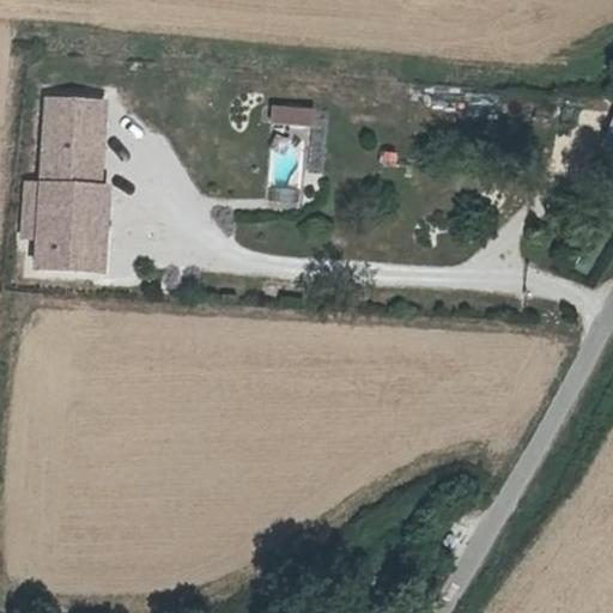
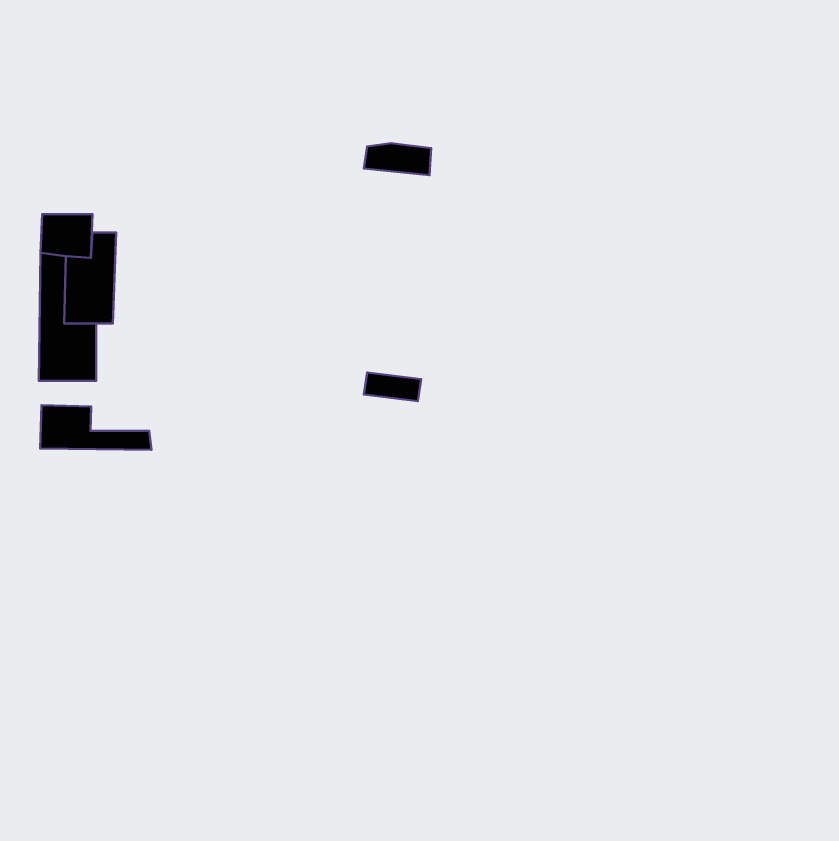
building: [45,99,87,152] -> none
building: none -> [40,405,151,450]

